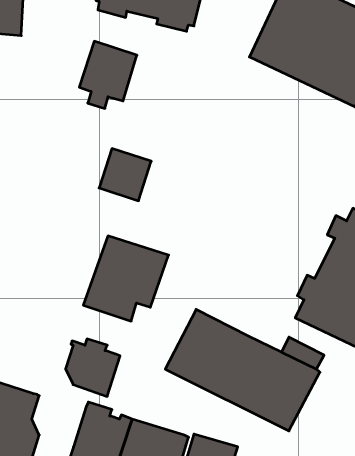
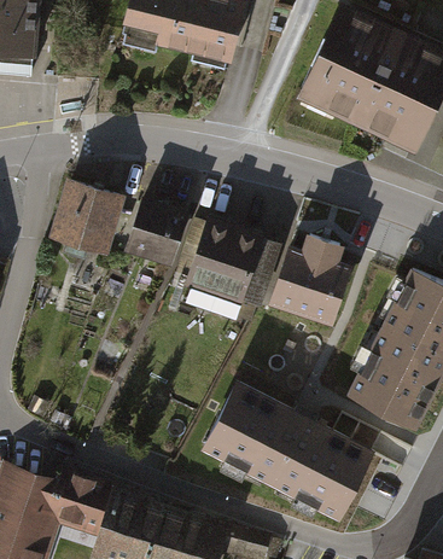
building: [79,41,137,108] -> [54,181,120,257]
building: none -> [272,235,348,319]
building: [83,236,169,321] -> [180,221,276,318]
building: [66,339,120,396] -> [51,473,112,538]

